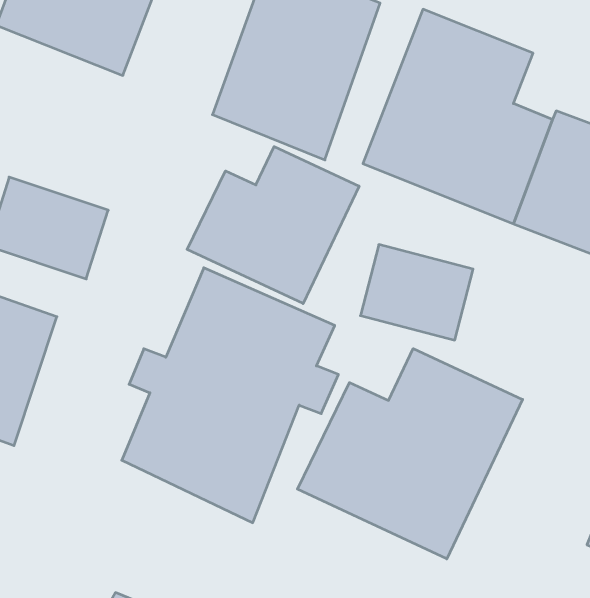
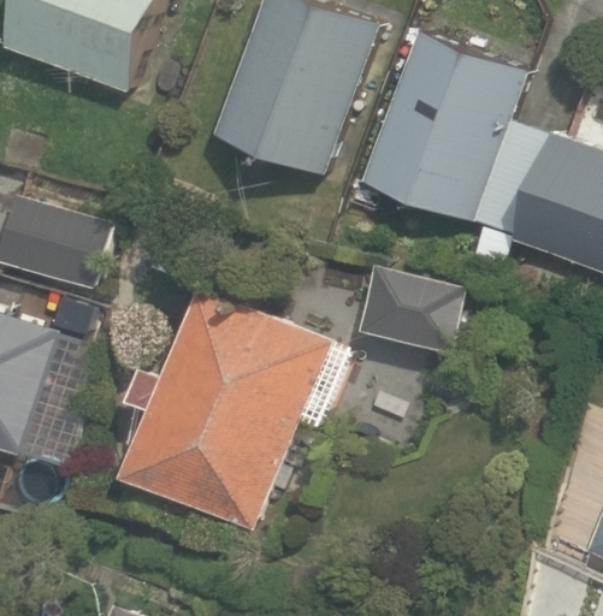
building: [187,147,359,304] -> none
building: [297,349,523,559] -> none

